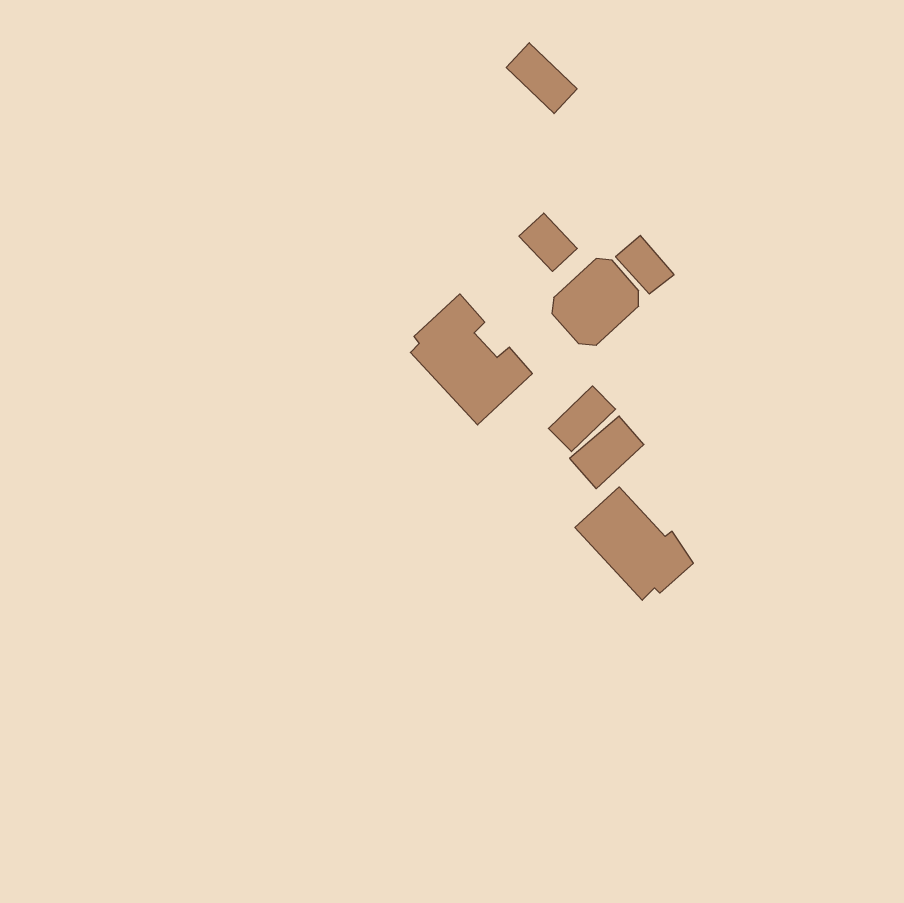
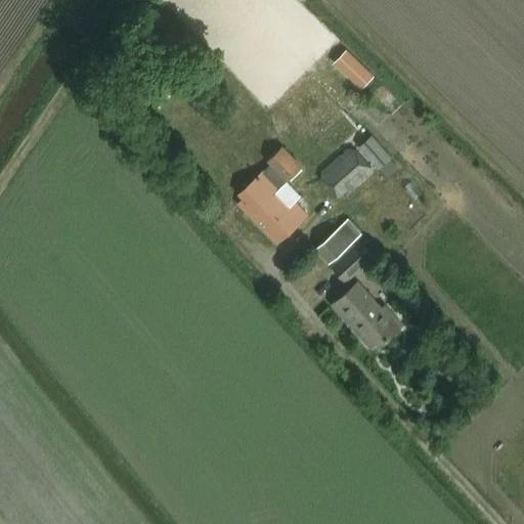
building: [506,43,577,114] -> [333,48,374,89]
building: [519,213,577,271] -> [266,147,300,181]

